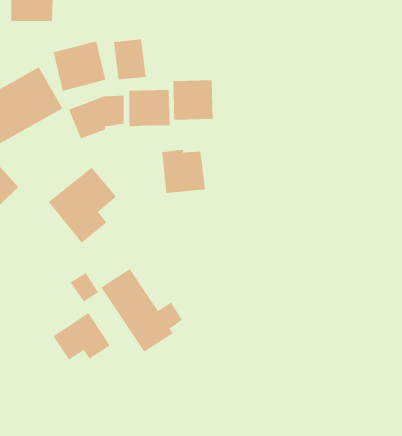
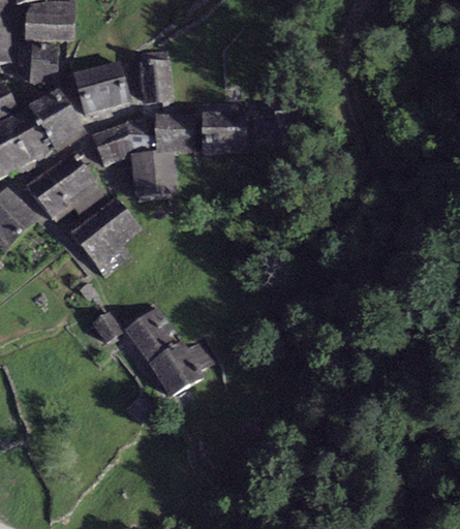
building: none -> [28,43,58,83]
building: none -> [35,162,104,223]
building: [161,149,206,193] -> [129,150,178,197]
building: [53,312,111,361] -> none

